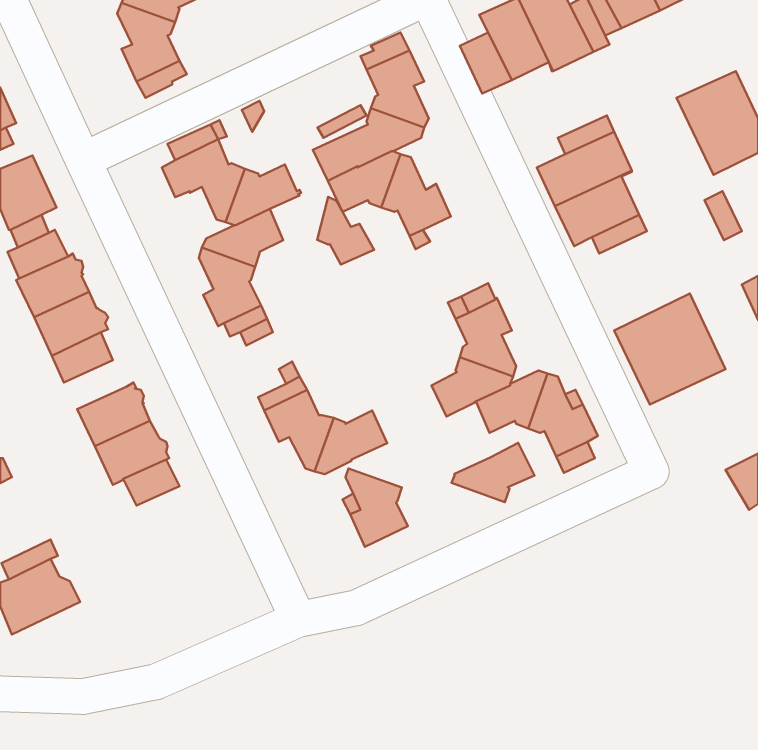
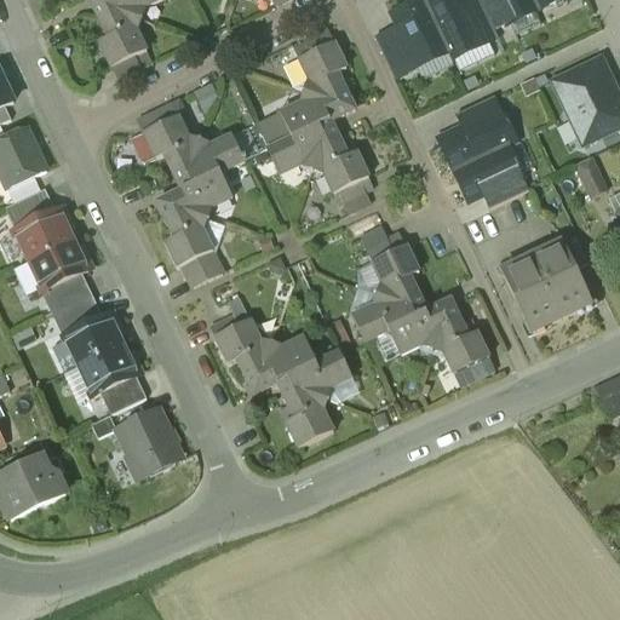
building: [317,197,374,265] -> none
building: none -> [52,294,103,334]
building: [452,443,535,502] -> [285,350,352,398]
building: none -> [93,404,185,480]

